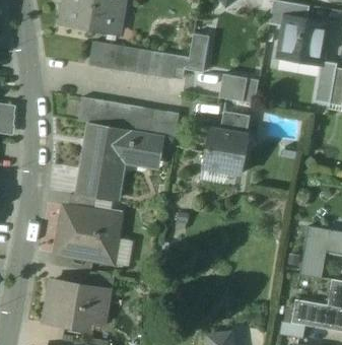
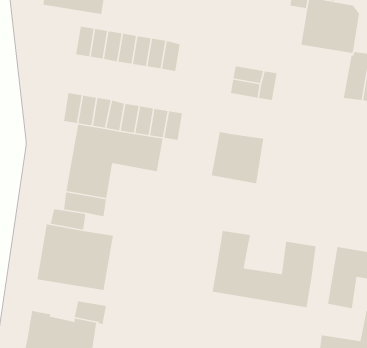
building: [175,34,208,73] -> none
building: [219,112,249,136] -> none
building: none -> [212,230,317,308]

